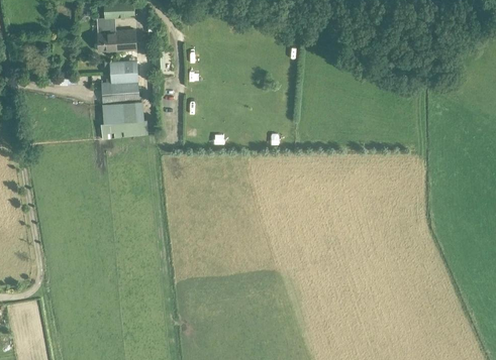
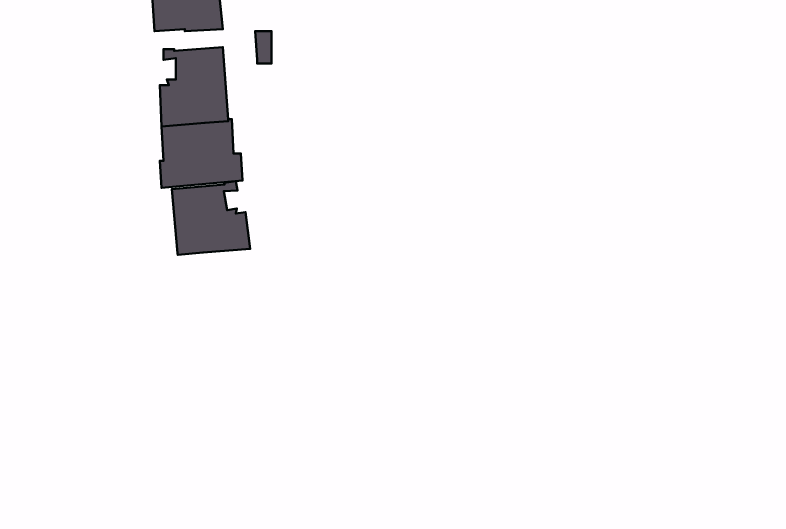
building: none -> [172,181,250,255]

